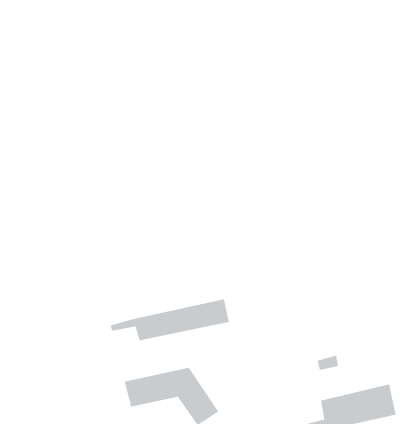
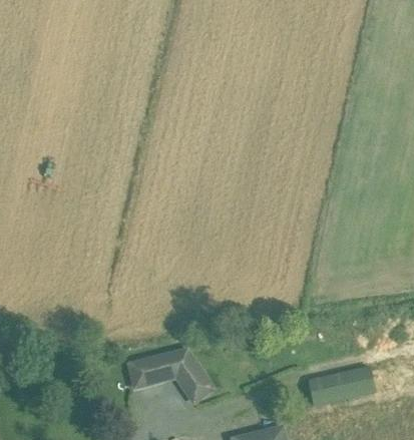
building: [110,298,230,341] -> none

